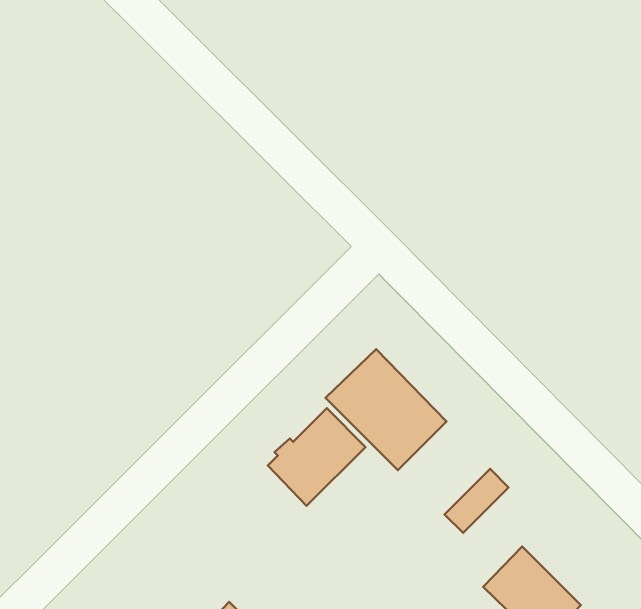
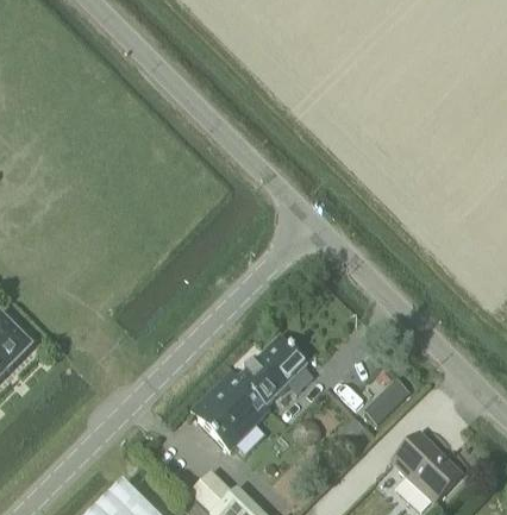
building: [326,349,446,470] -> none
building: none -> [193,375,267,447]

